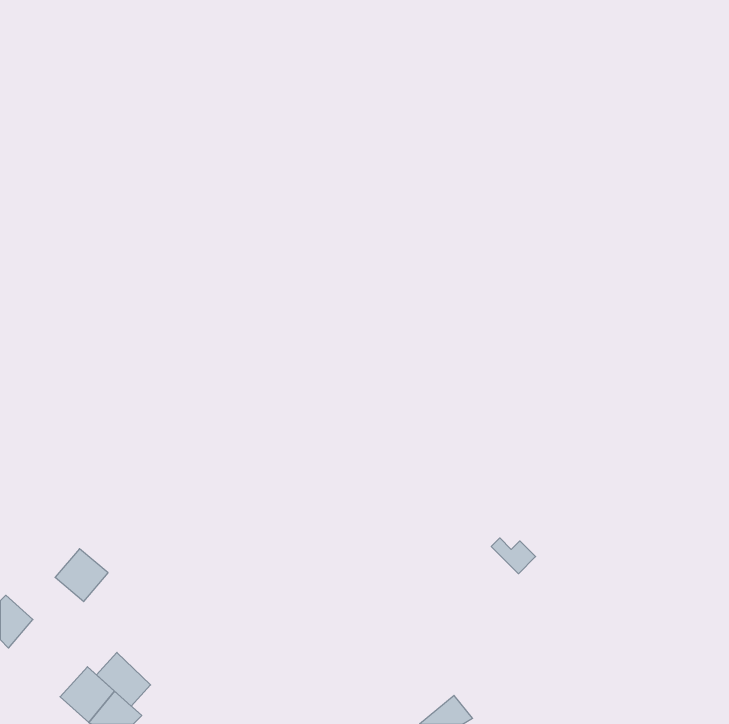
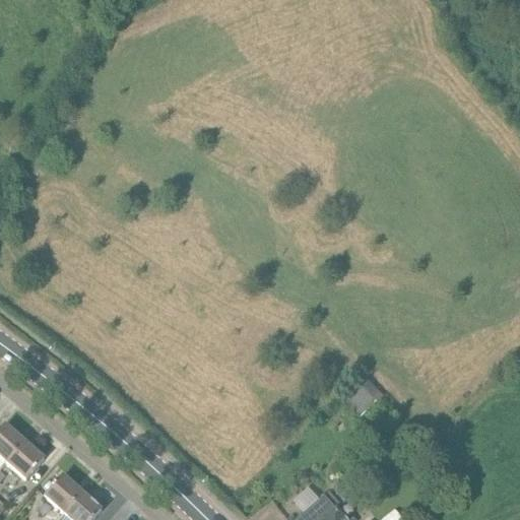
building: [55,549,108,602] -> [8,440,46,477]
building: [97,652,151,706] -> none

